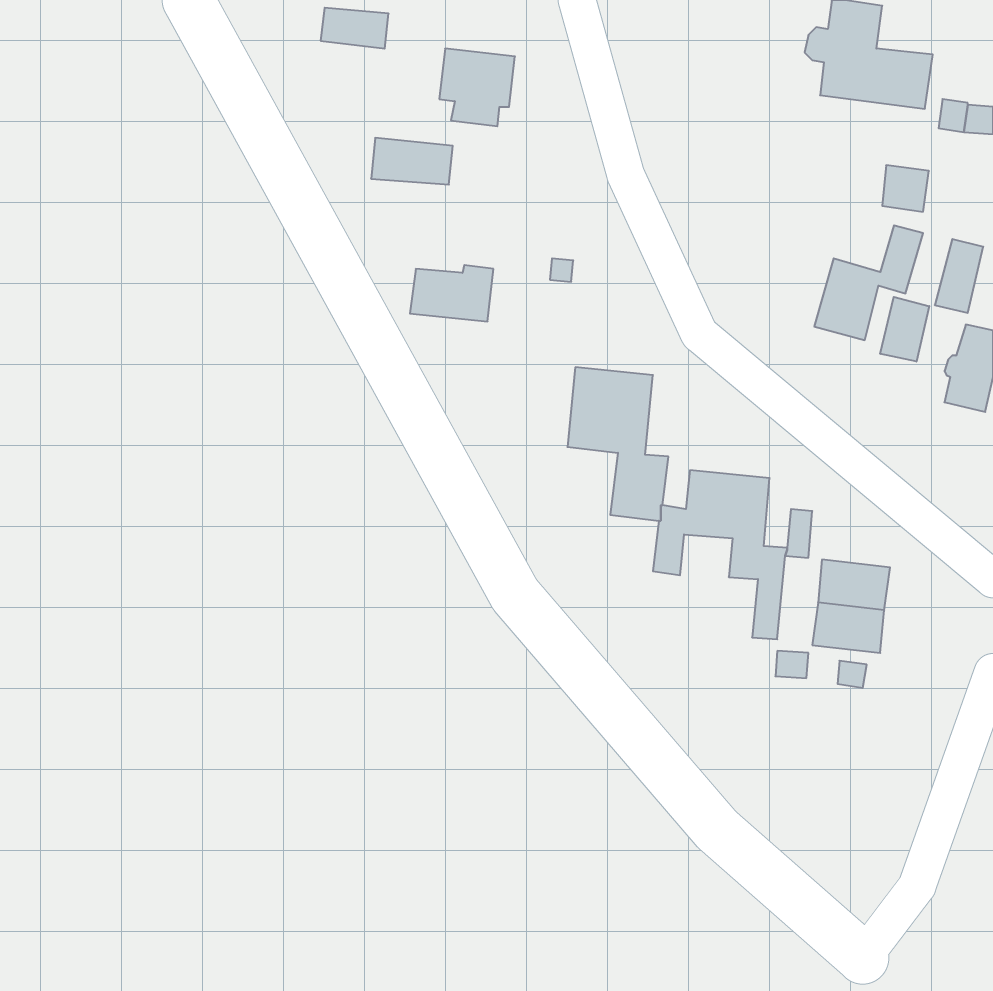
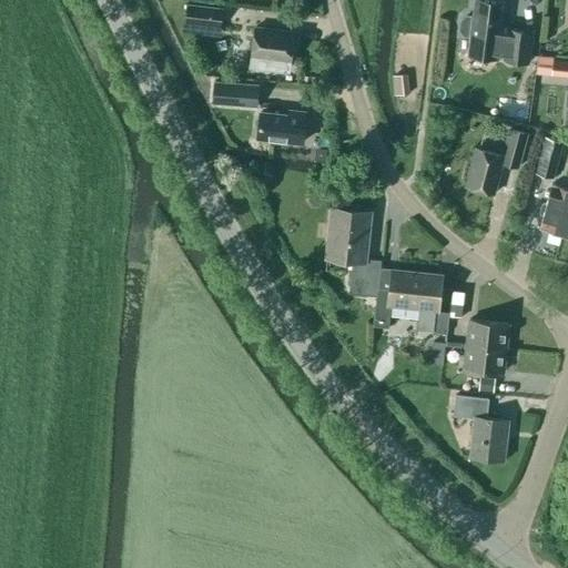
building: [410,265,493,321] -> [257,112,305,144]
building: [880,297,929,362] -> none
building: none -> [453,396,508,462]

